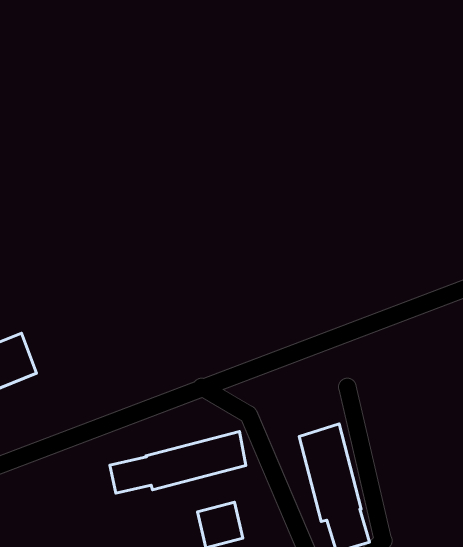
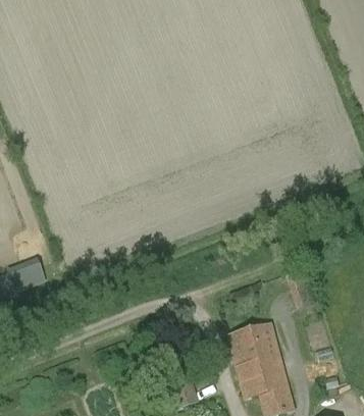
building: [110,431,246,493] -> none

